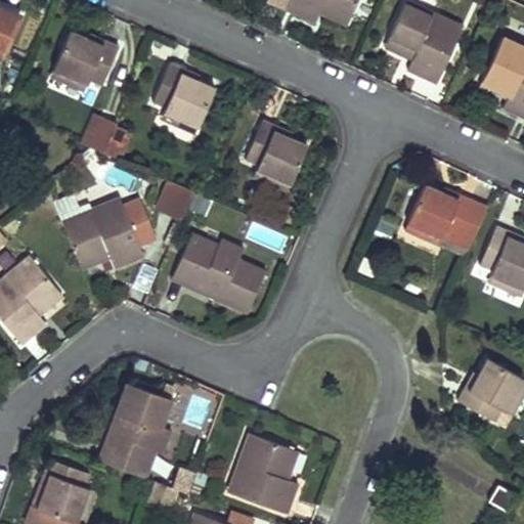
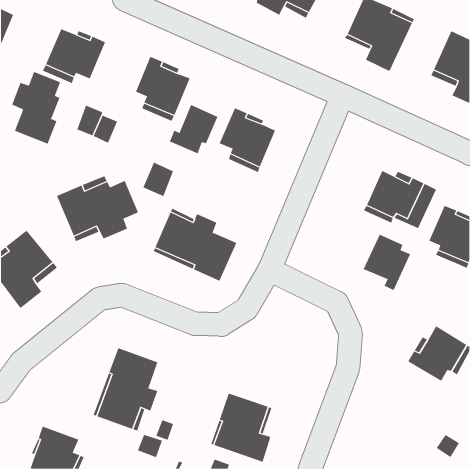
building: none -> [12,71,61,144]
building: none -> [169,104,218,154]
building: none -> [363,234,411,291]

